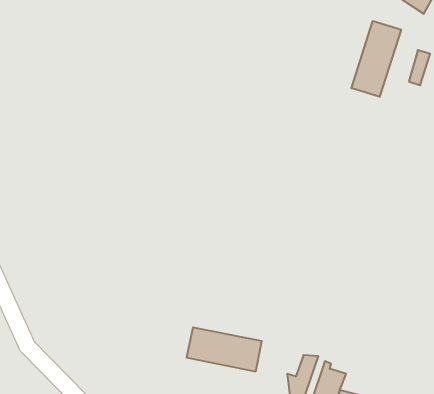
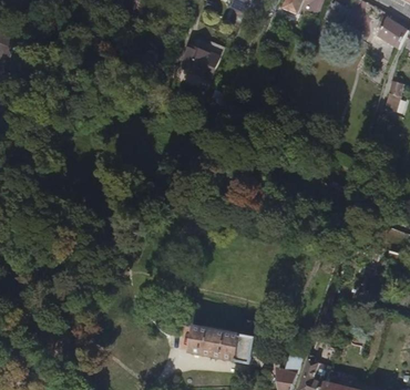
building: none -> [182,45,219,80]
building: [351,21,401,97] -> none

